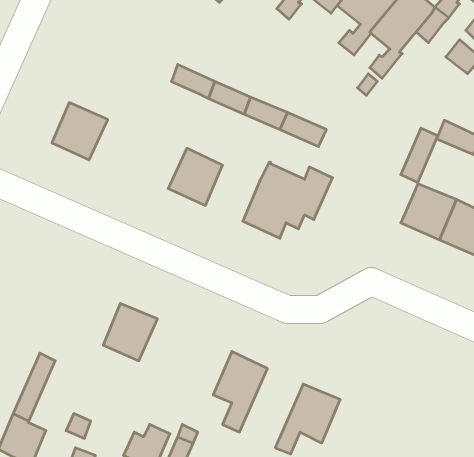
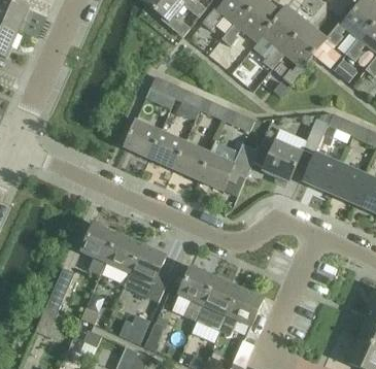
building: [52,103,108,160] -> [124,120,161,158]
building: none -> [253,136,302,182]
building: none -> [173,142,209,179]
building: none -> [81,224,116,274]
building: none -> [124,244,168,301]
building: none -> [196,277,238,330]

